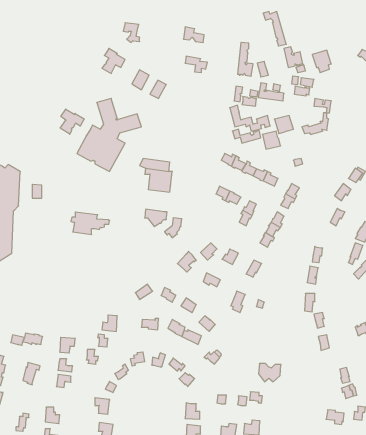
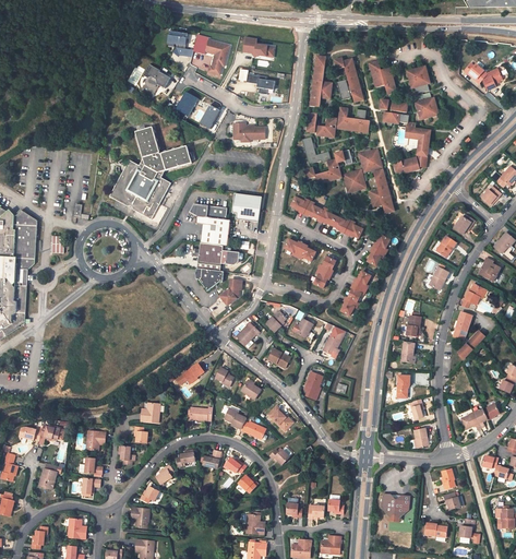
building: [263,12,286,46] -> [335,58,364,102]
building: none -> [192,34,228,74]
building: none -> [416,92,439,119]
building: none -> [232,123,264,141]
building: [60,109,84,134] -> none
building: none -> [371,168,392,205]
building: none -> [232,192,261,230]
building: [71,212,110,235] -> [193,242,242,271]
building: [259,364,281,382] -> [381,493,409,516]

